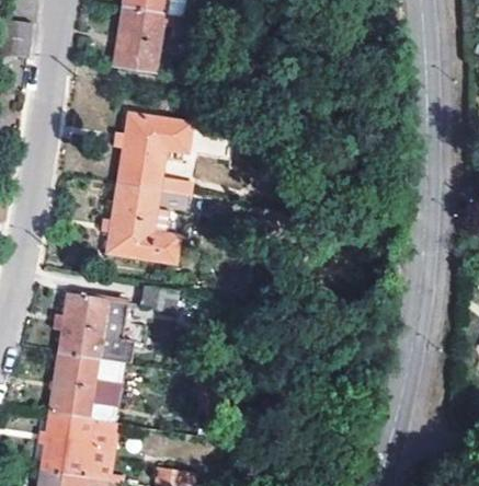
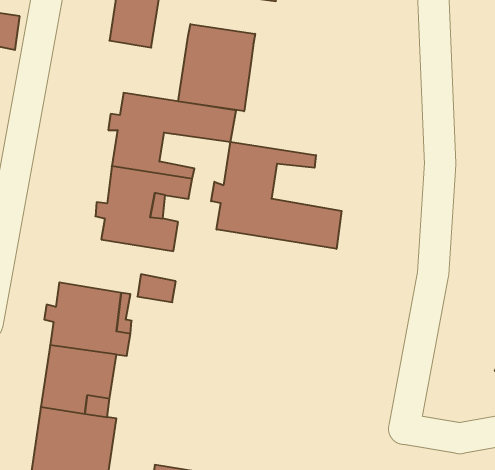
building: none -> [178,24,255,111]
building: none -> [211,142,342,249]

